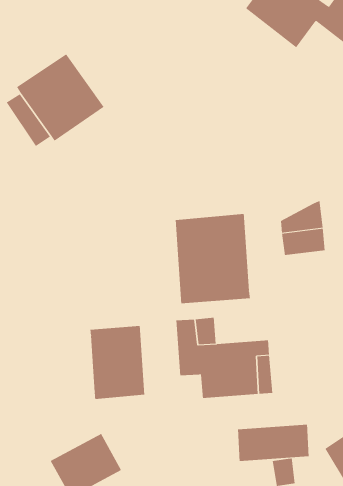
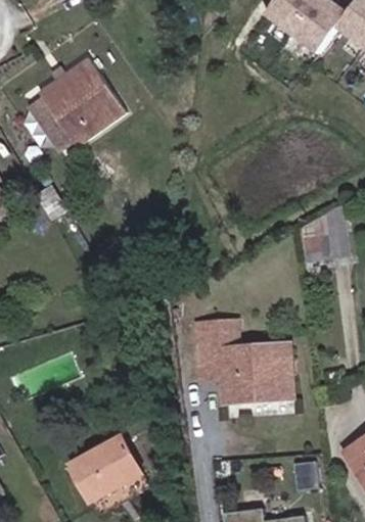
building: [175,213,251,304] -> none
building: [90,325,145,400] -> none
building: [237,424,309,462] -> none

